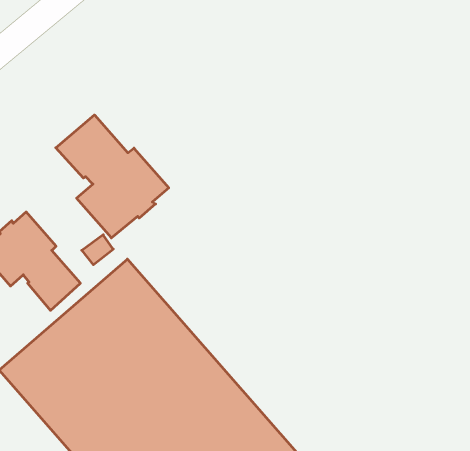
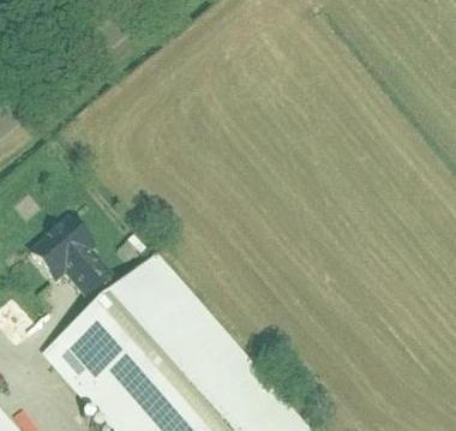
building: [56,115,169,238] -> none

